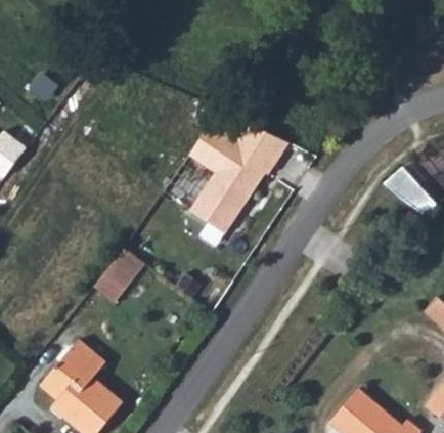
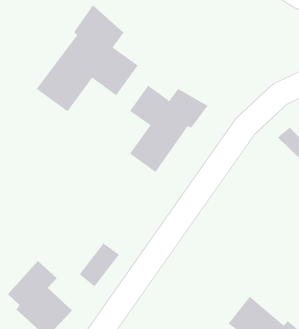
building: none -> [36,4,139,112]
building: [95,246,147,302] -> [79,243,120,287]

